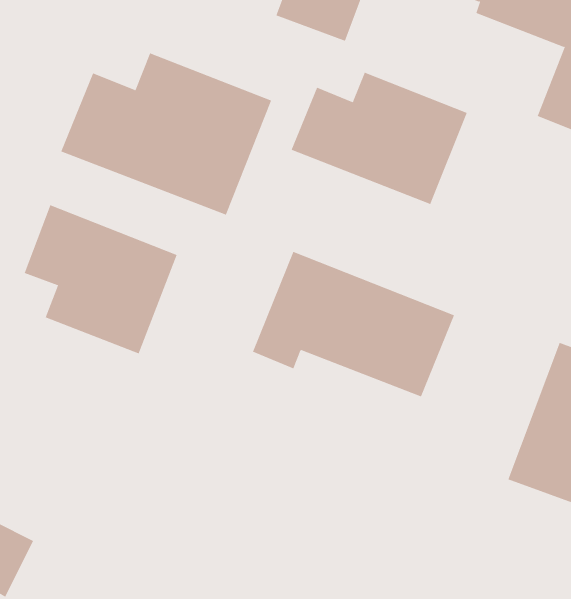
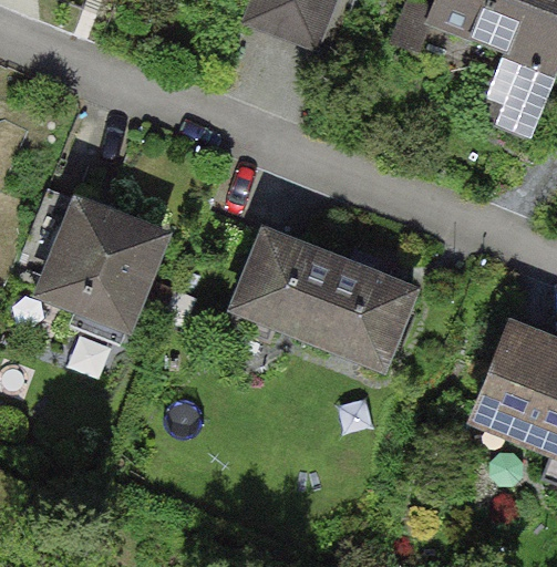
building: [61,52,272,216] -> none
building: [291,72,468,205] -> none

